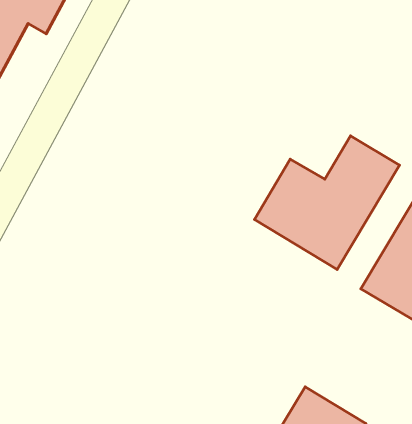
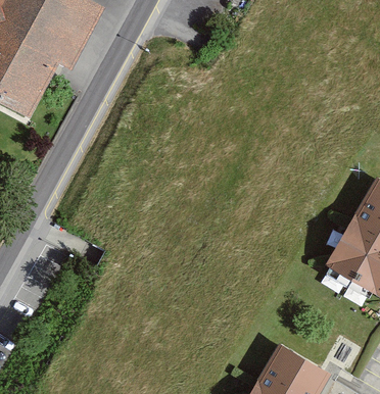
building: [254,136,400,270] -> none

